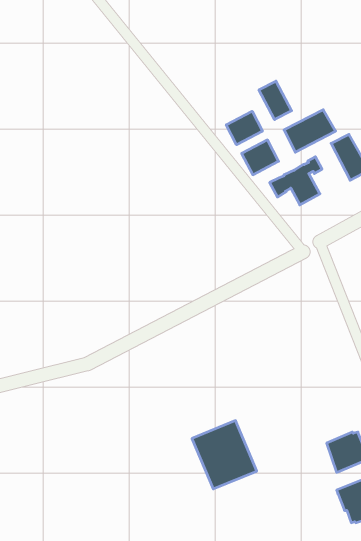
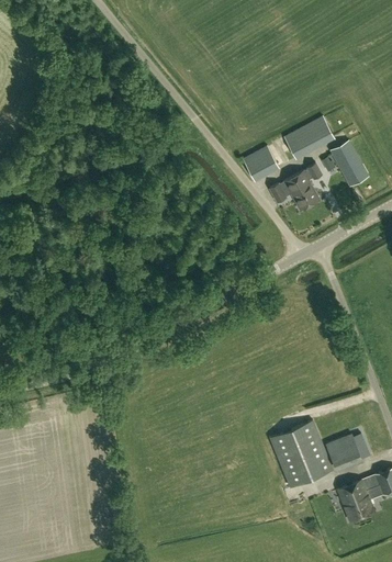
building: [259,81,292,120] -> none
building: [226,111,262,145] -> none
building: [192,421,257,489] -> [270,420,334,487]

